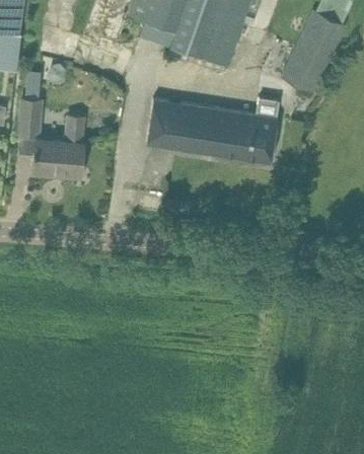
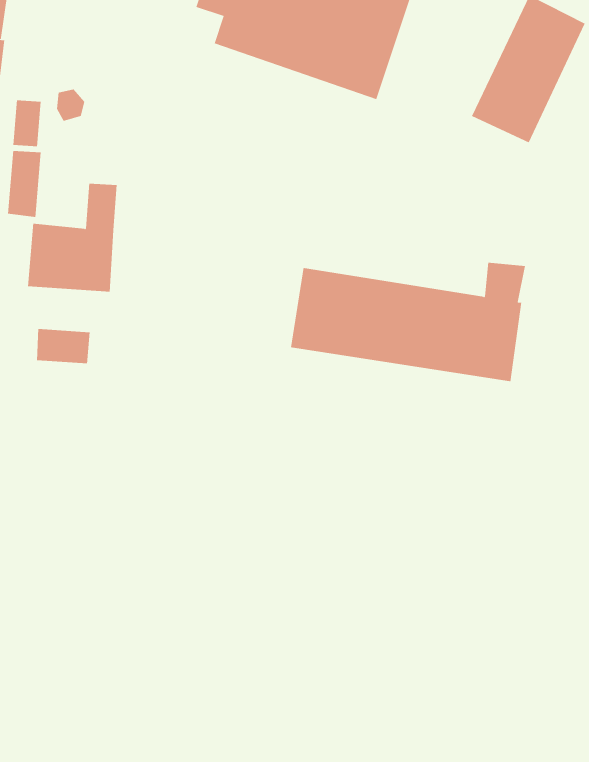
building: [147,96,279,163] -> [290,262,526,382]
building: none -> [36,328,90,364]

